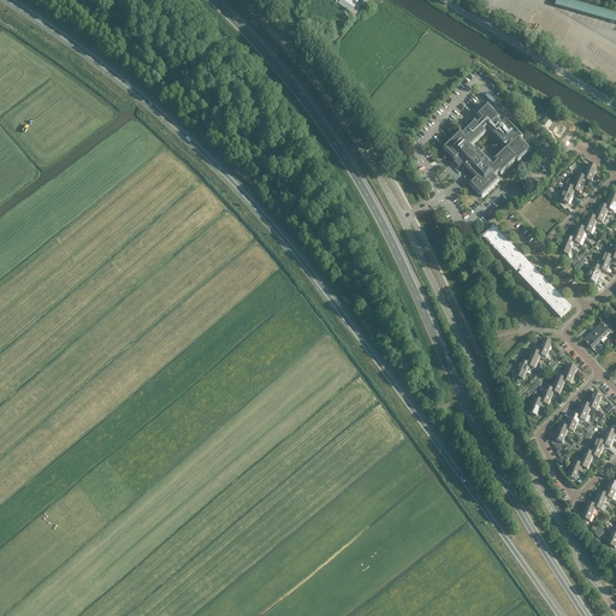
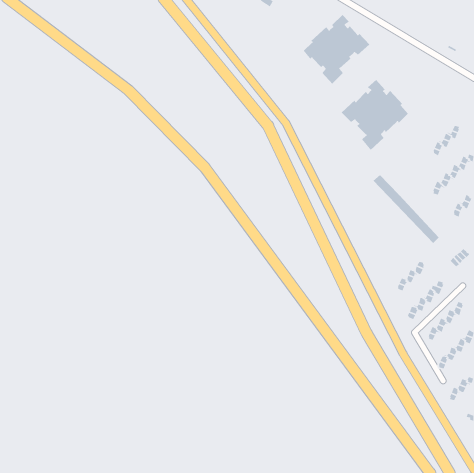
building: none -> [303,14,370,85]

